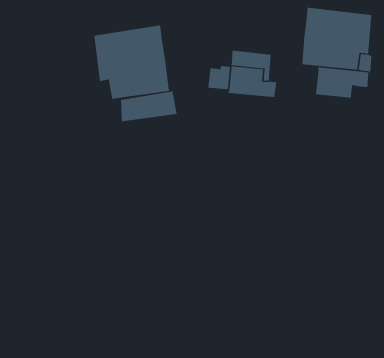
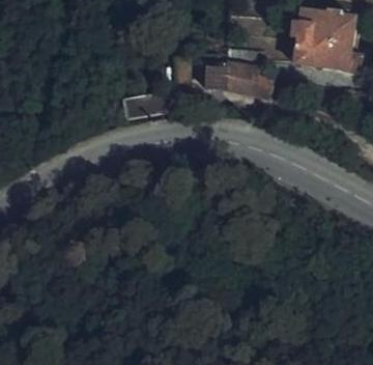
building: [94,25,170,99] -> none
building: [315,66,369,98] -> none

